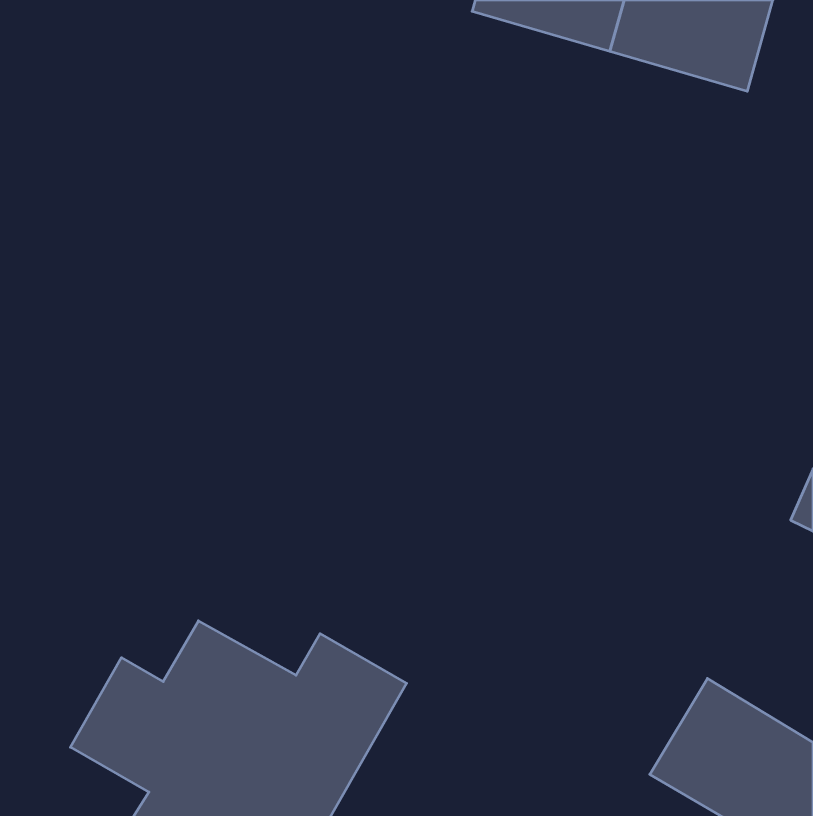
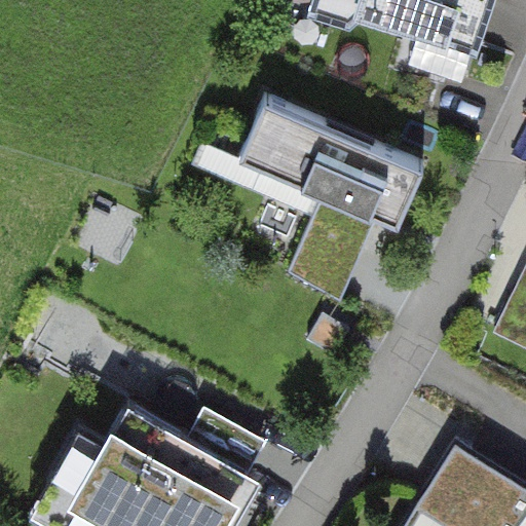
building: none -> [230,106,424,242]
building: none -> [289,218,367,298]

